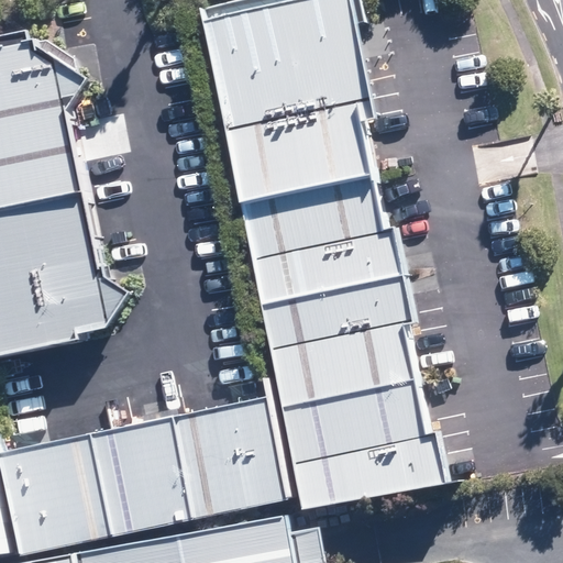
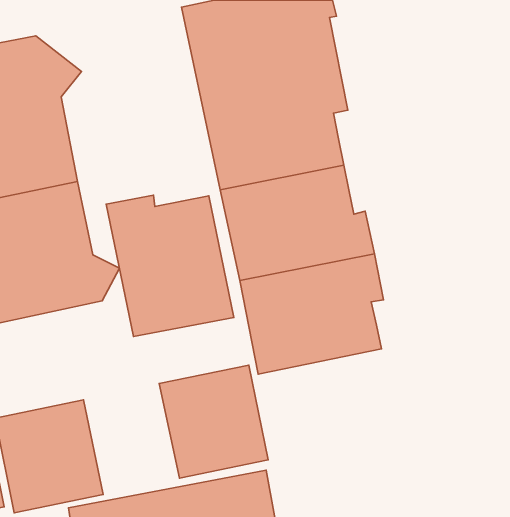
building: none -> [106,195,234,337]
building: [278,380,445,514] -> none
building: [90,418,194,538] -> none

